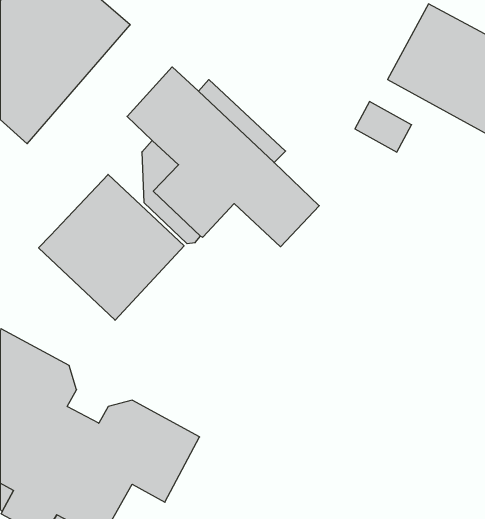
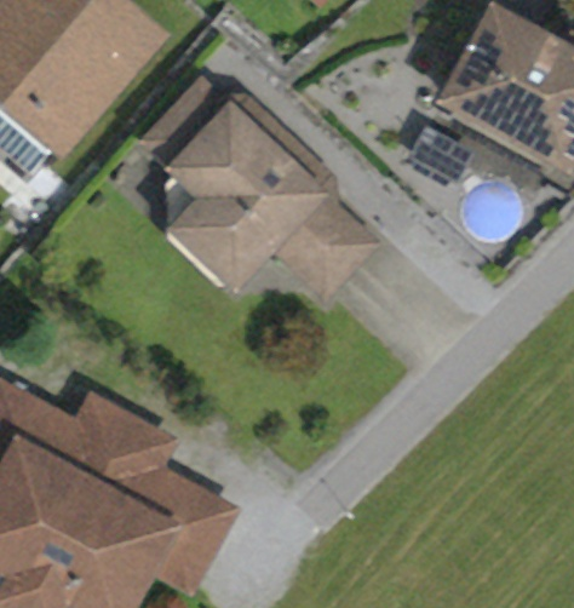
building: [39,174,184,320] -> none
building: none -> [78,402,168,497]

